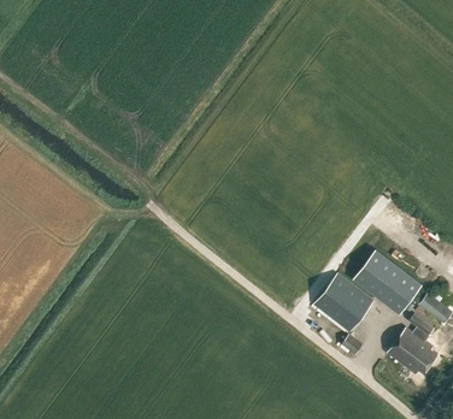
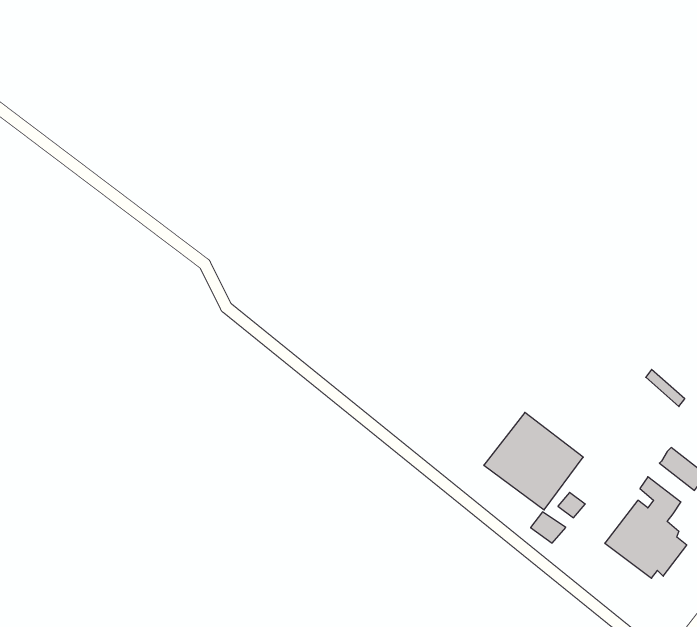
building: [352,249,422,314] -> none

